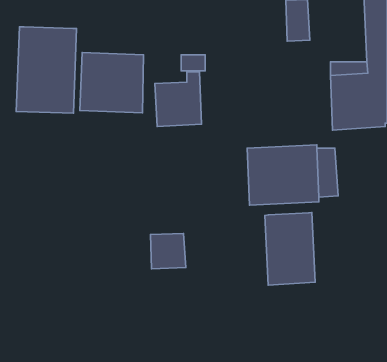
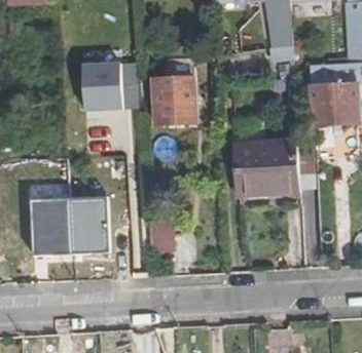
building: [16,27,76,113] -> none
building: none -> [32,196,115,256]
building: [265,213,315,285] -> none

